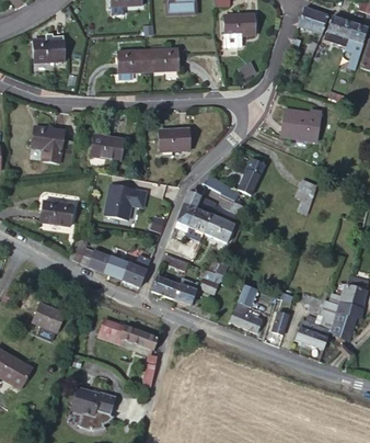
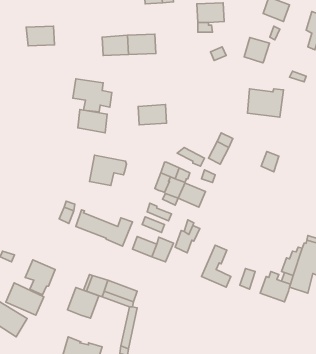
building: [325,16,354,45] -> [244,37,270,63]
building: [31,125,74,162] -> [73,79,112,112]
building: [41,200,73,225] -> none
building: none -> [6,283,44,315]
building: none -> [67,288,99,318]

